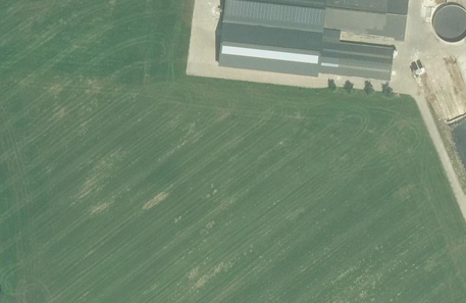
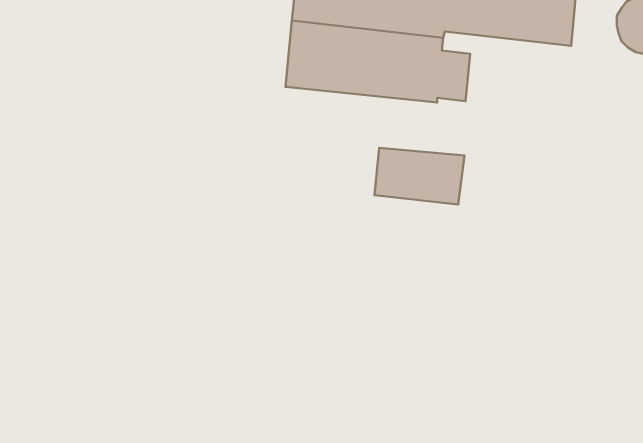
building: [334,42,393,79] -> [374,148,464,205]

